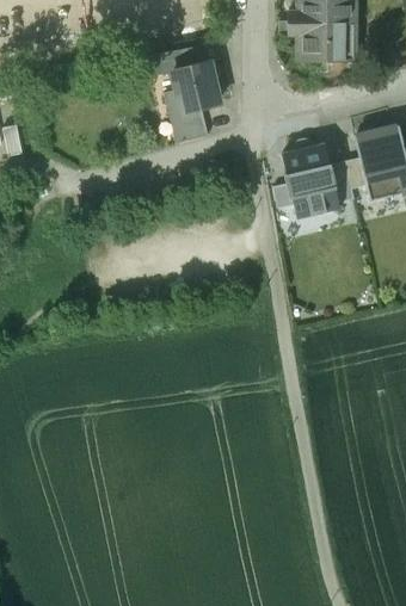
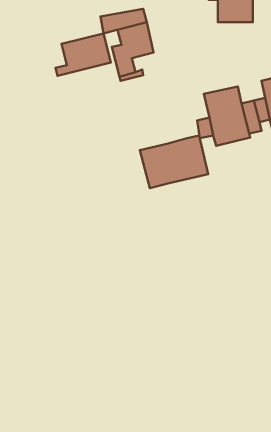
building: none -> [55,33,111,76]
building: none -> [140,136,208,188]

